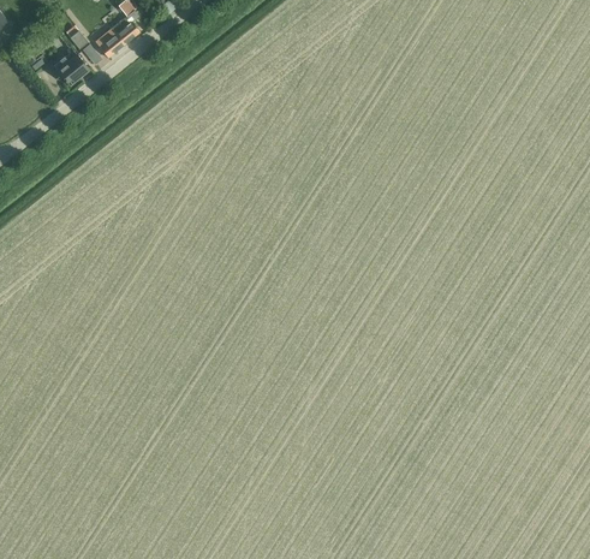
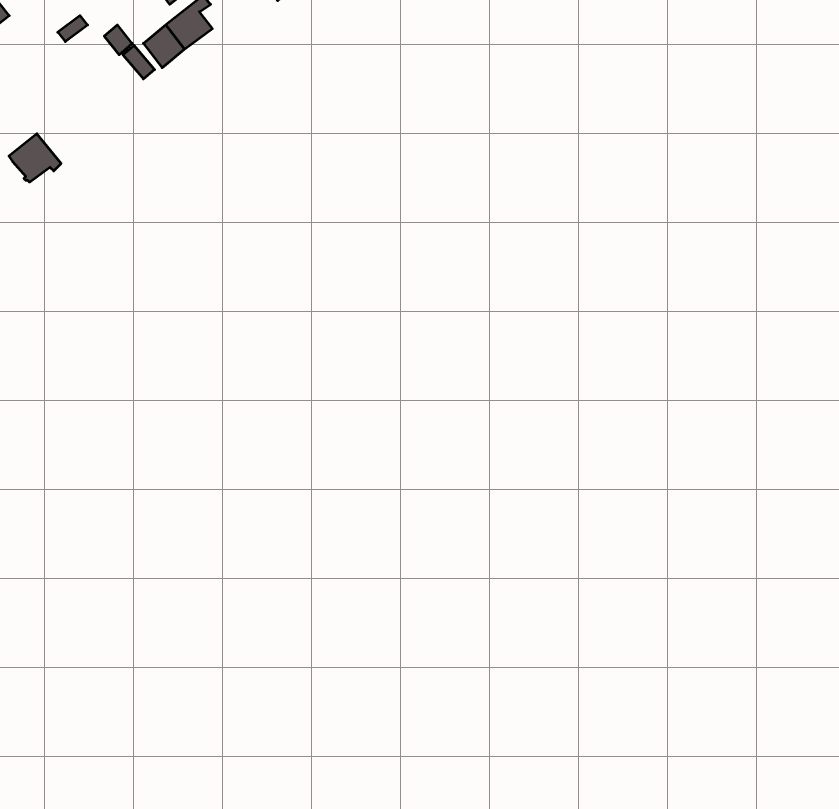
building: [54,50,88,82] -> [9,134,61,182]

